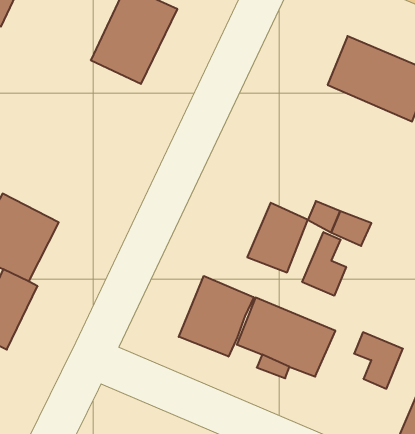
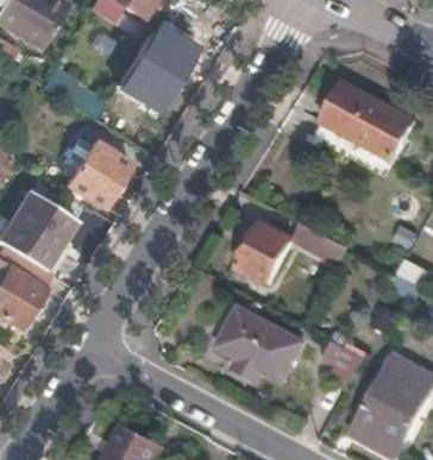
building: none -> [65,139,128,204]
building: [302,232,346,296] -> none
building: [179,276,254,357] -> none

